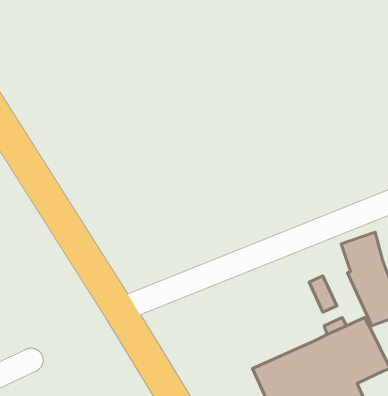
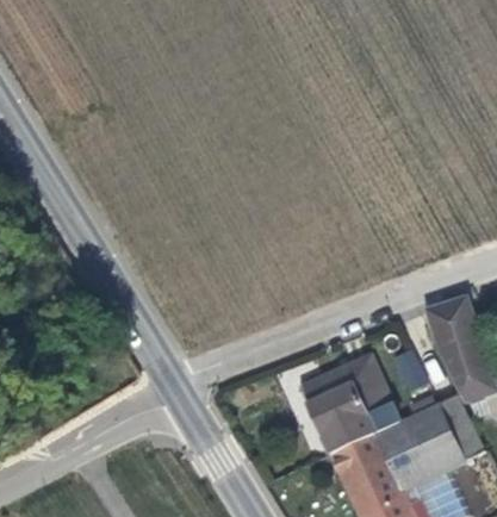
building: none -> [299,354,399,453]

